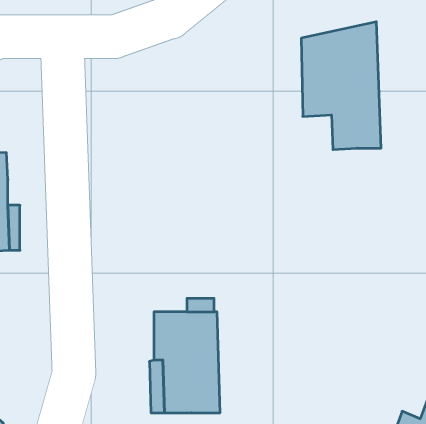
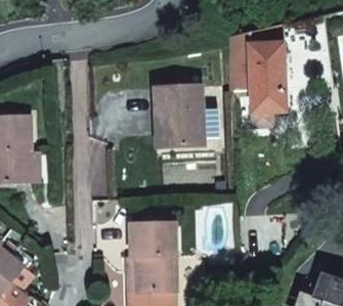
building: none -> [155,85,204,148]

